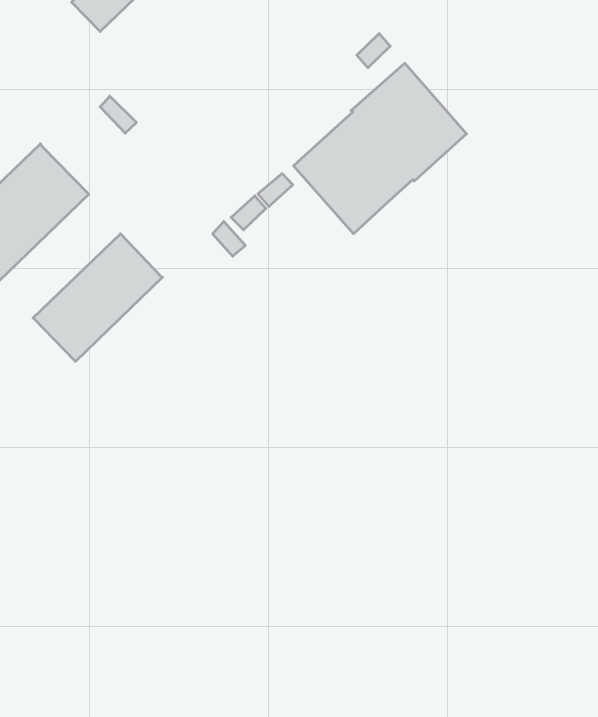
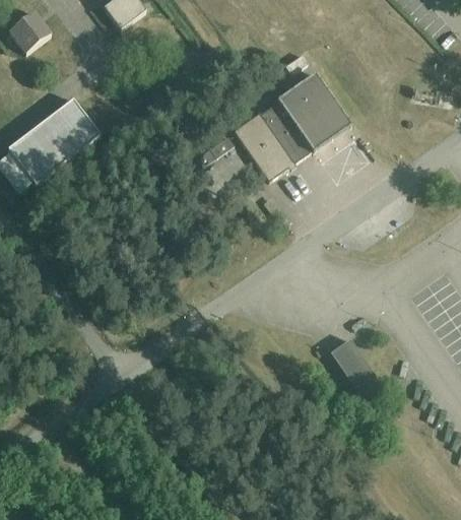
building: [33,234,163,361] -> none
building: none -> [331,339,375,389]

